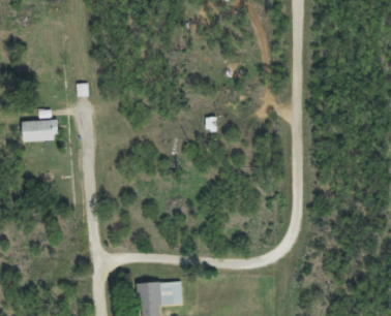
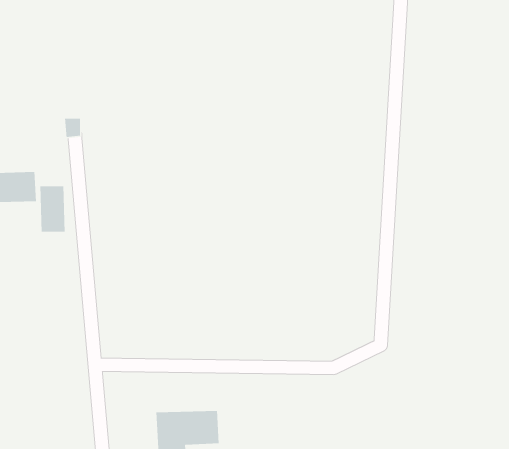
building: none -> [39,185,65,233]

